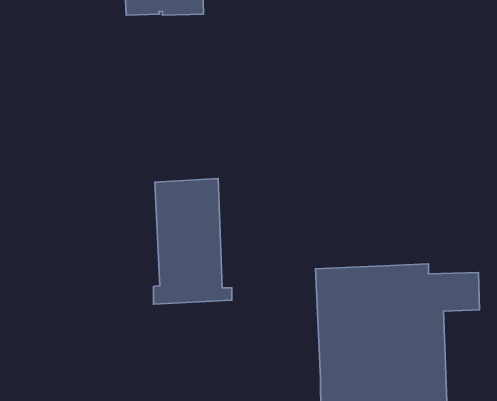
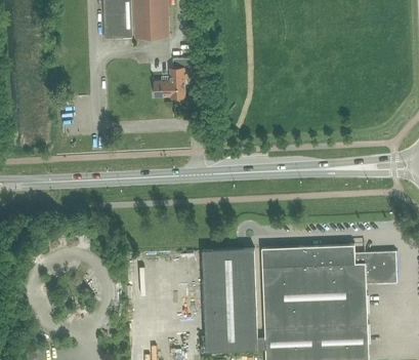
building: none -> [155,59,193,99]
building: [154,179,232,304] -> [201,249,265,353]

